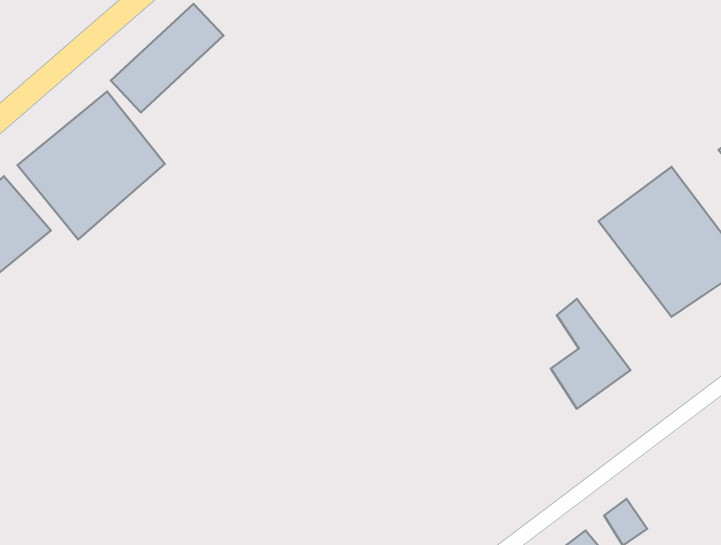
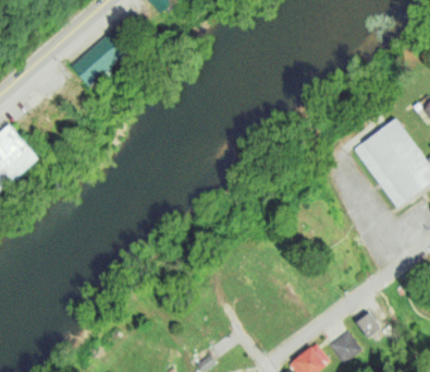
building: [18,92,165,239] -> none
building: [551,299,631,409] -> none

